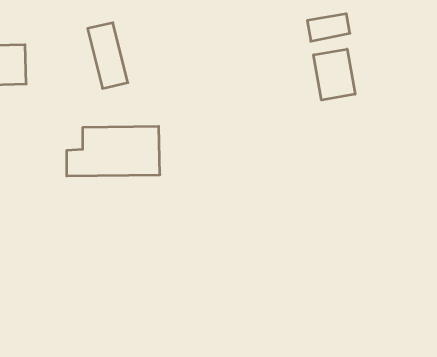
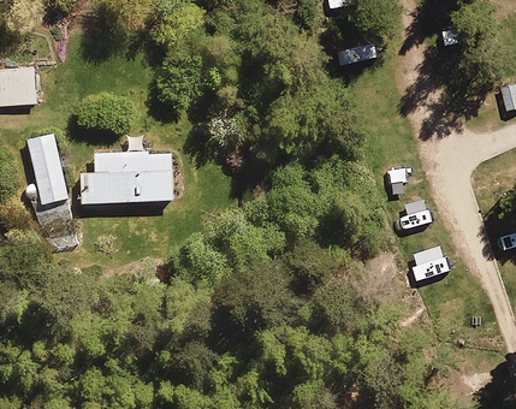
building: [88,23,128,88] -> [29,135,71,203]
building: [314,49,355,100] -> none

